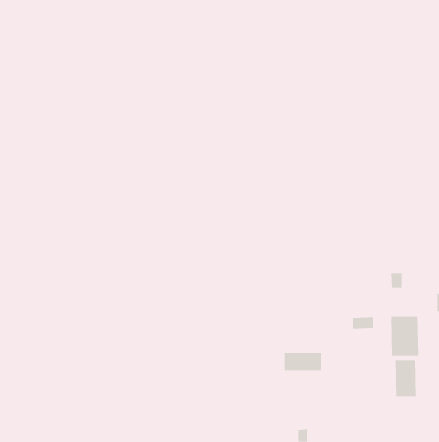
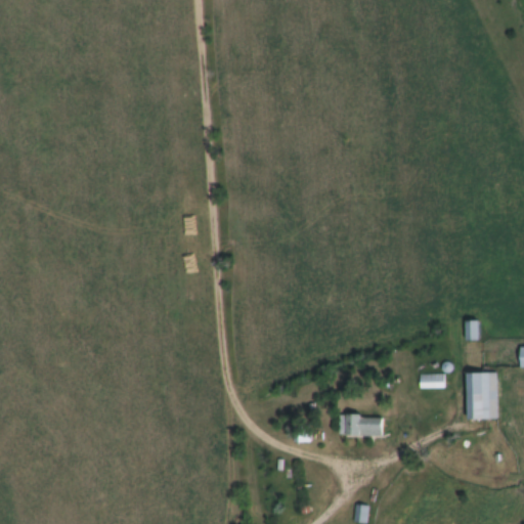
building: [395,359,416,397] -> none

